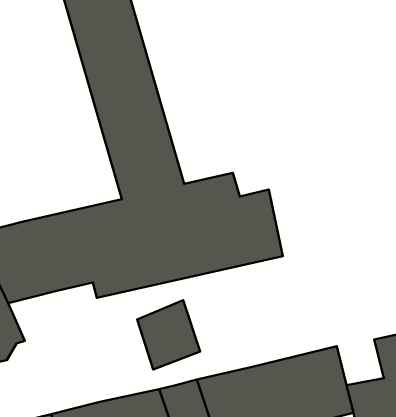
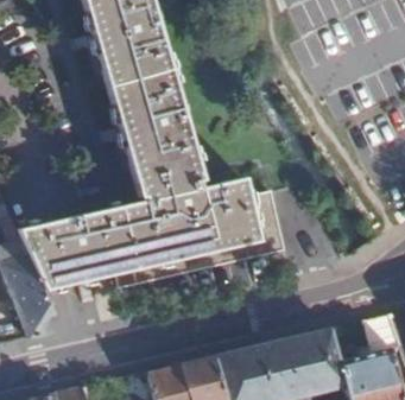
building: [137,300,200,370] -> none

